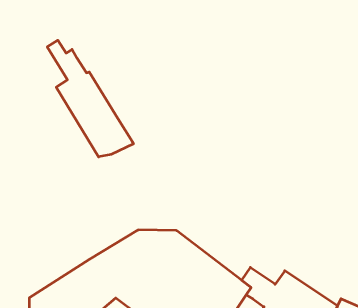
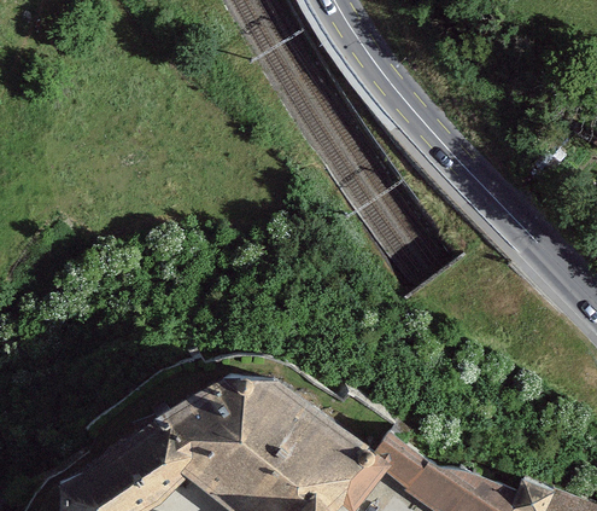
building: [47,40,133,157] -> none

